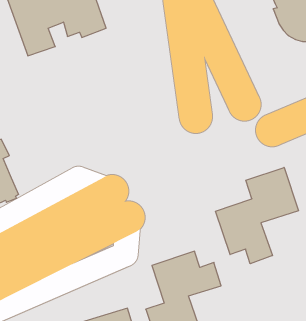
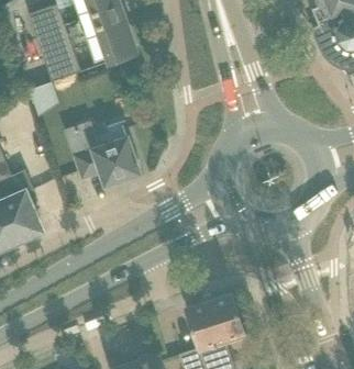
building: none -> [65,121,140,180]
building: [216,167,299,264] -> none

